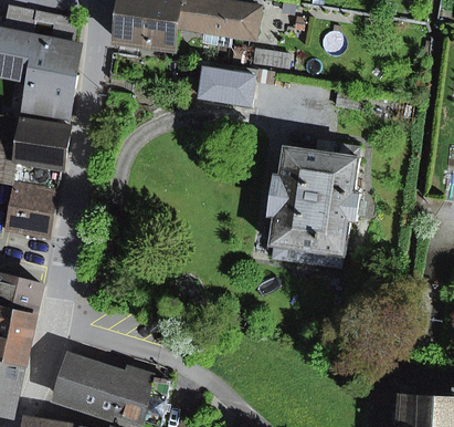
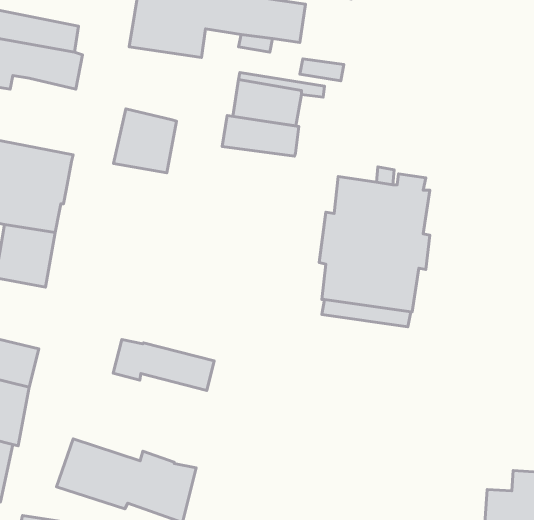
building: [23,66,74,118] -> [113,109,176,173]
building: none -> [222,116,299,156]
building: none -> [113,339,214,391]

